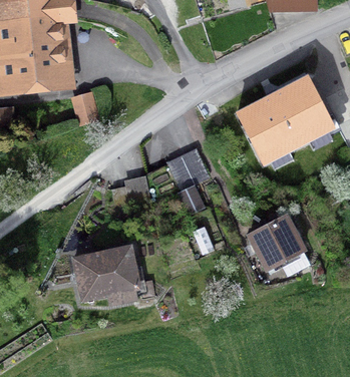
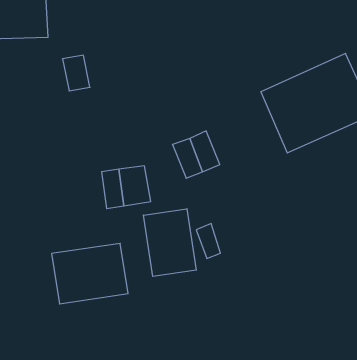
building: none -> [143,209,196,276]
building: [249,216,304,269] -> none

